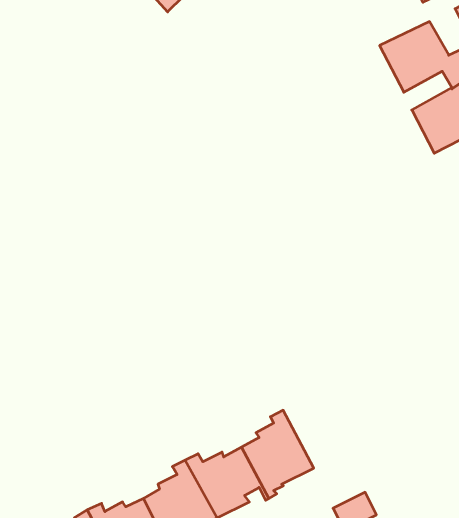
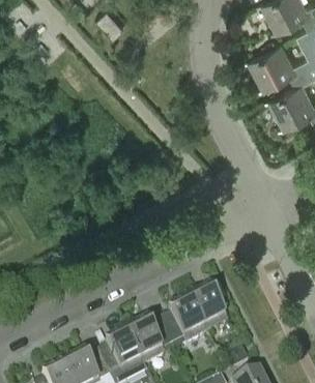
building: none -> [189,286,229,329]

